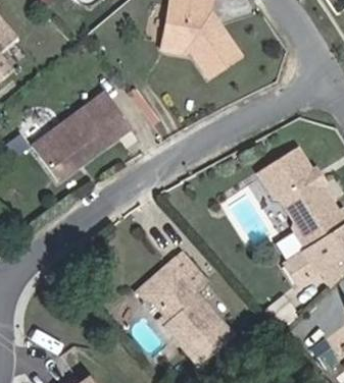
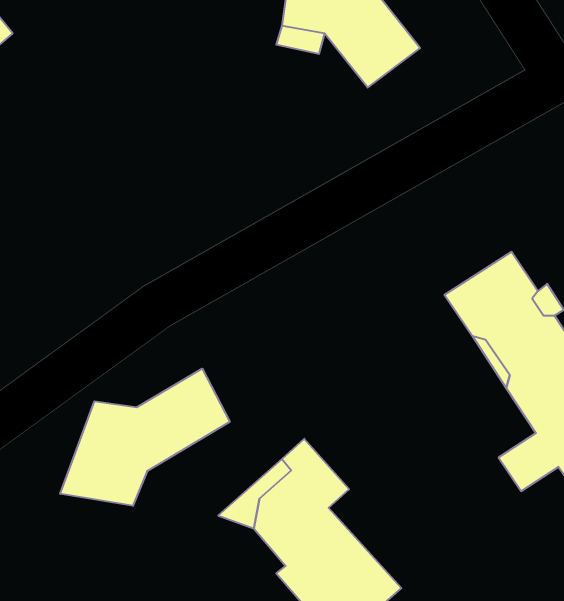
building: [42,90,138,174] -> none
building: none -> [60,369,230,506]

